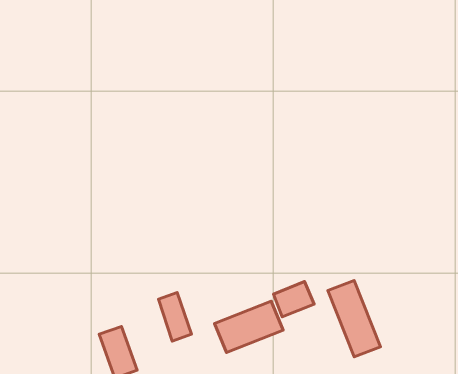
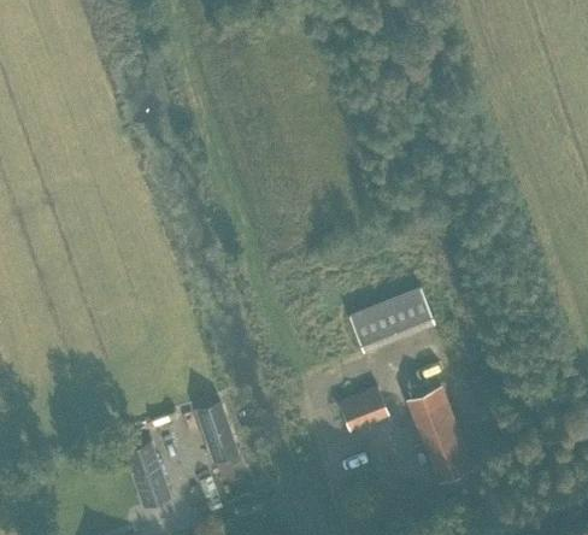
building: none -> [352,283,439,349]
building: [215,301,283,352] -> none

